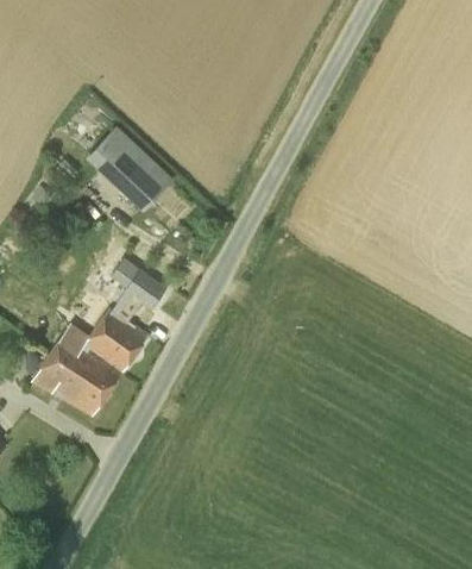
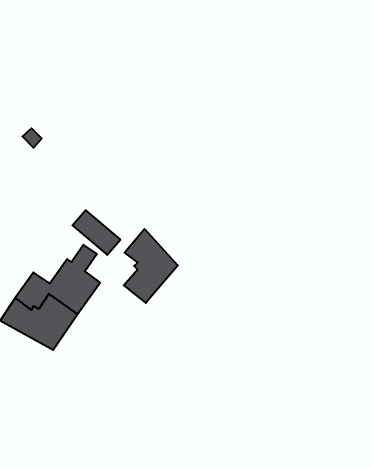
building: [84,125,171,212] -> none
building: none -> [124,229,178,303]

